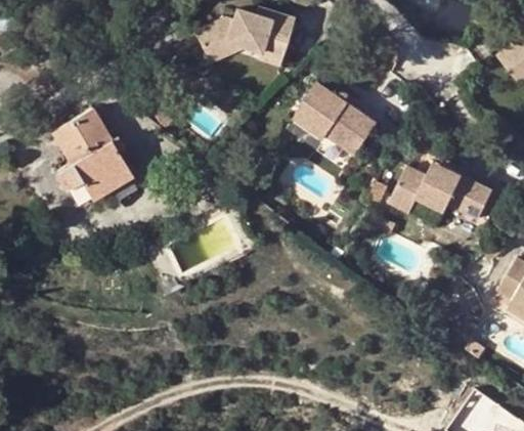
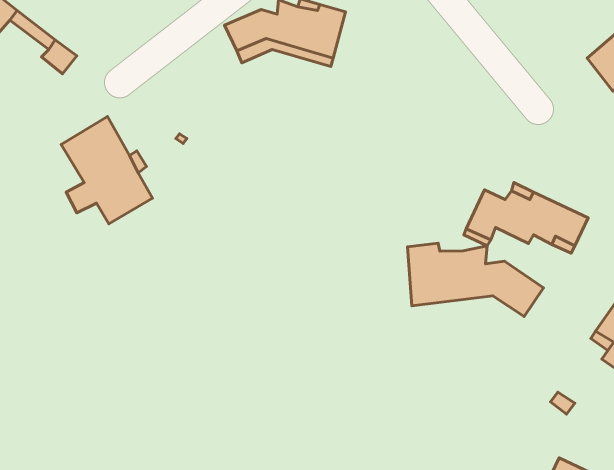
building: [292,84,378,157] -> none
building: none -> [407,243,543,317]

